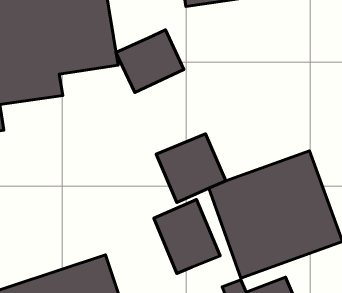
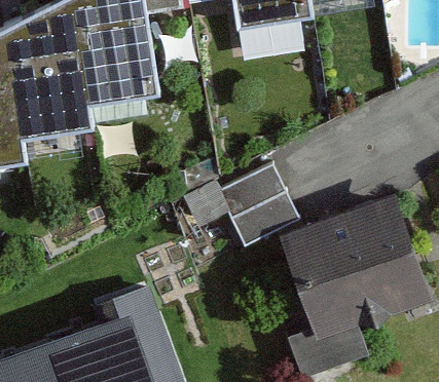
building: [116,30,184,93] -> none
building: [154,200,220,274] -> none

